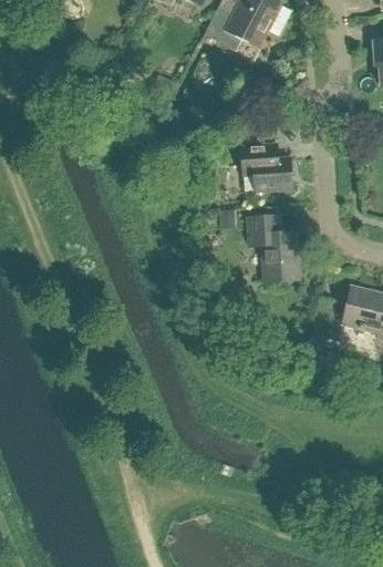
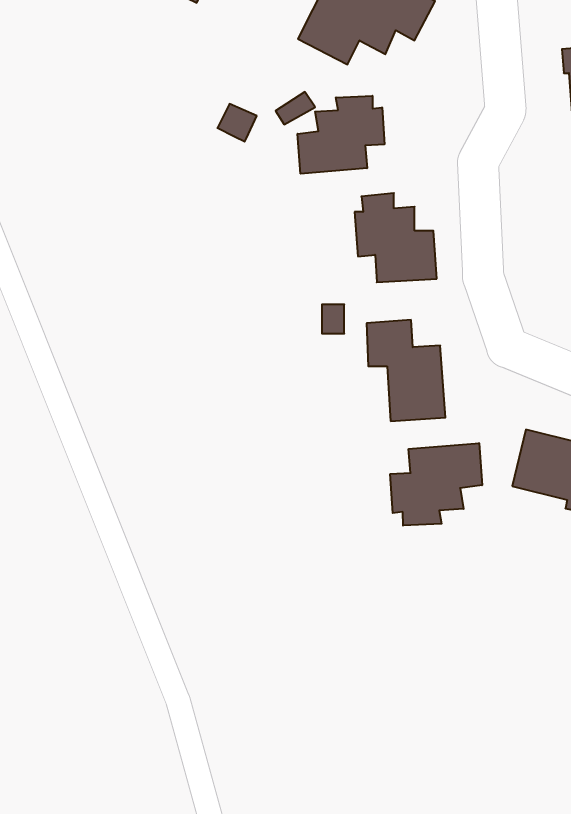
building: none -> [298,96,384,174]
building: none -> [390,443,482,526]

